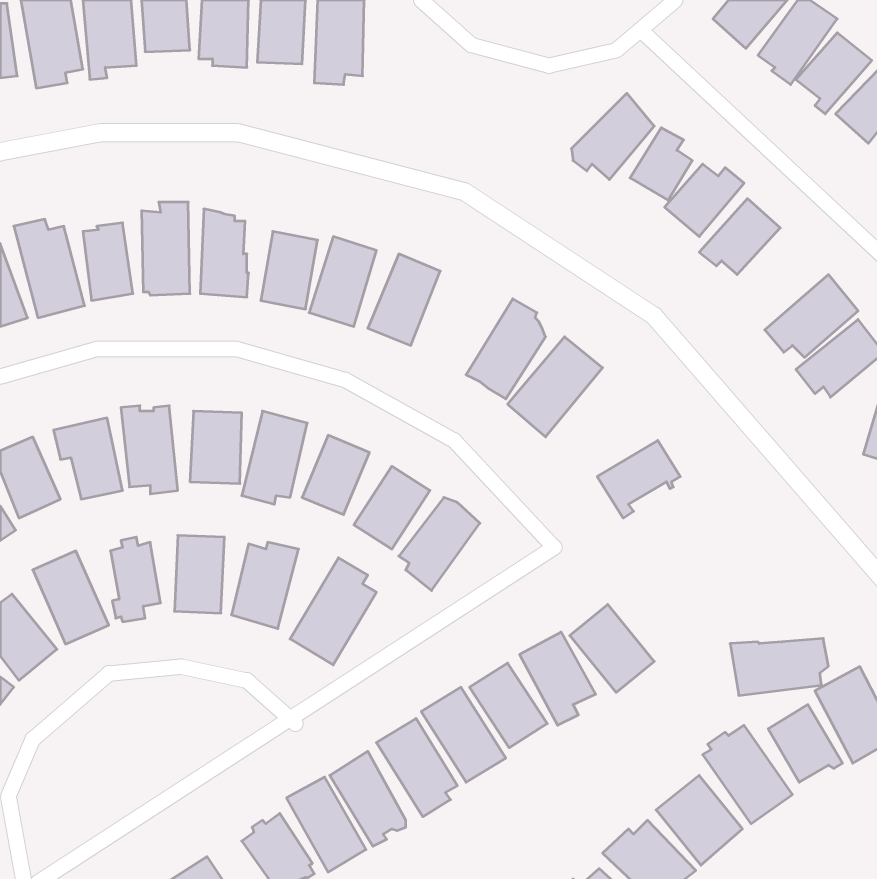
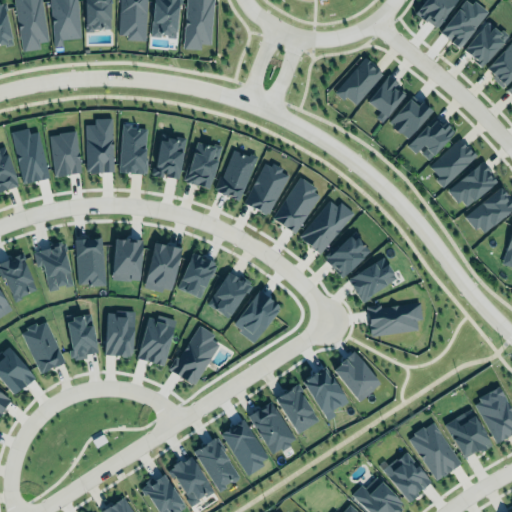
building: none -> [430,140,477,189]
building: none -> [241,162,290,218]
building: none -> [324,233,369,278]
building: [730,638,828,695] -> [365,303,422,336]

